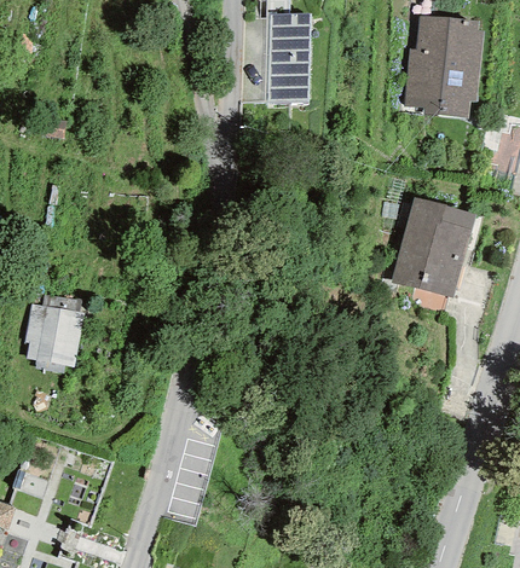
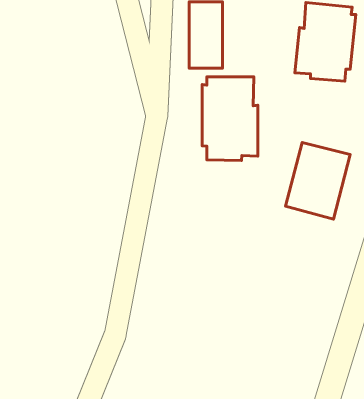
building: none -> [202,77,258,161]
building: [28,309,82,366] -> none

